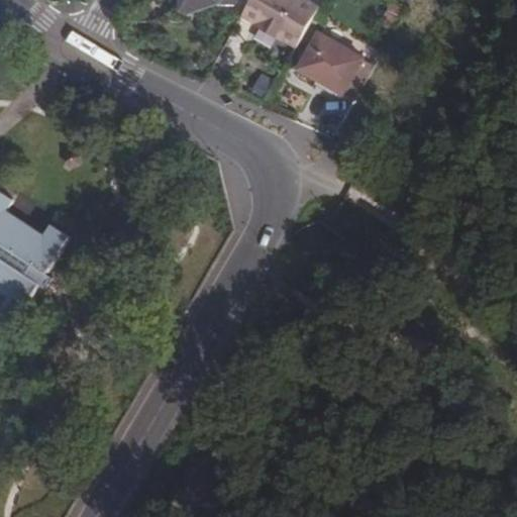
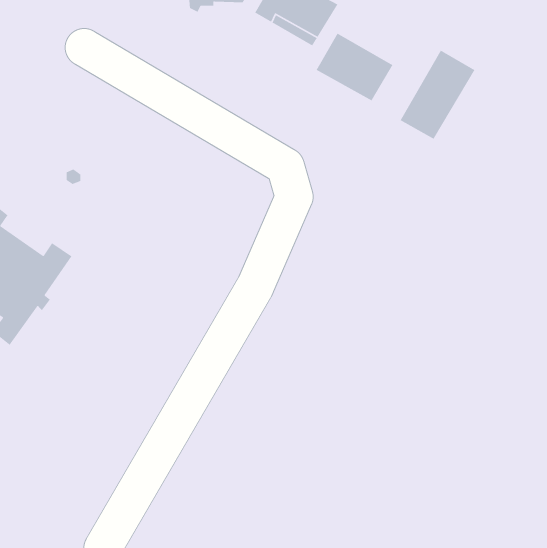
building: none -> [400,49,475,140]

